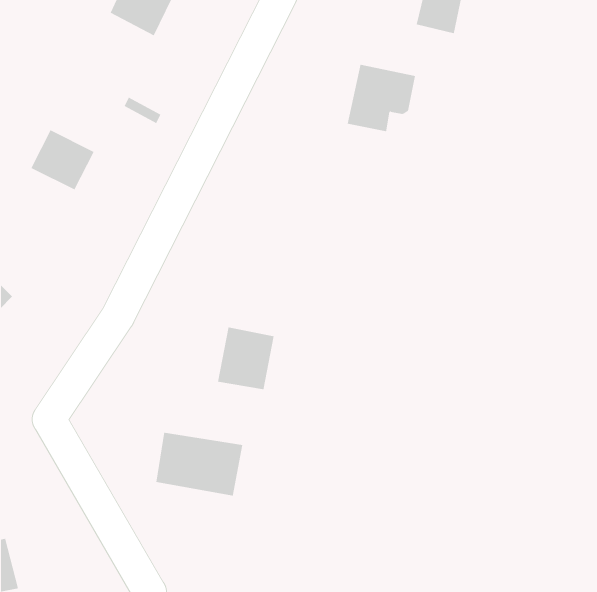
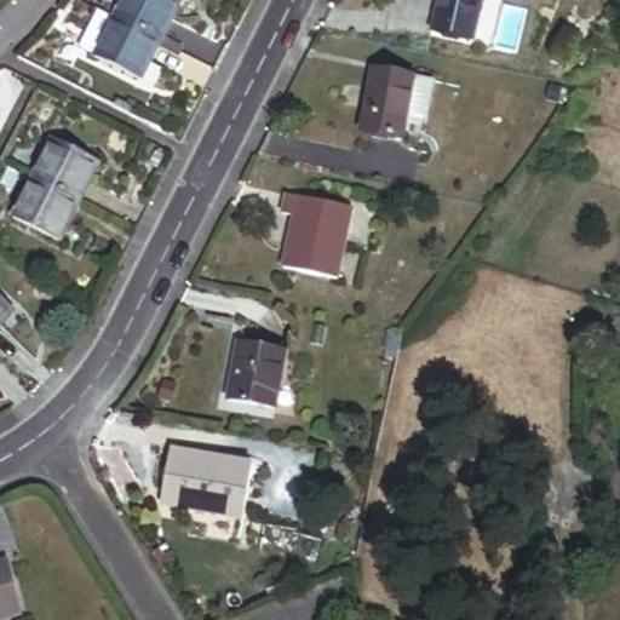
building: none -> [78,6,160,76]
building: none -> [12,174,78,237]
building: none -> [281,190,350,275]

